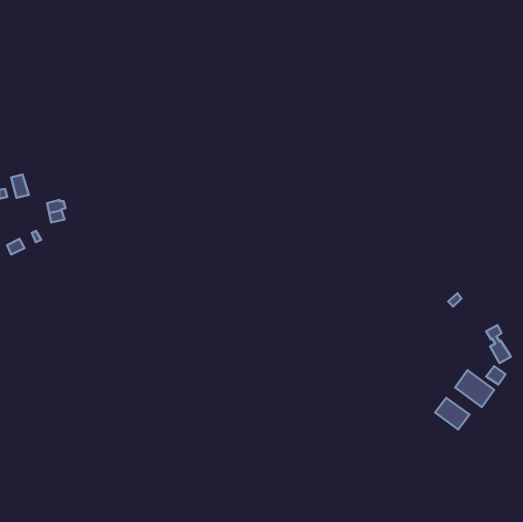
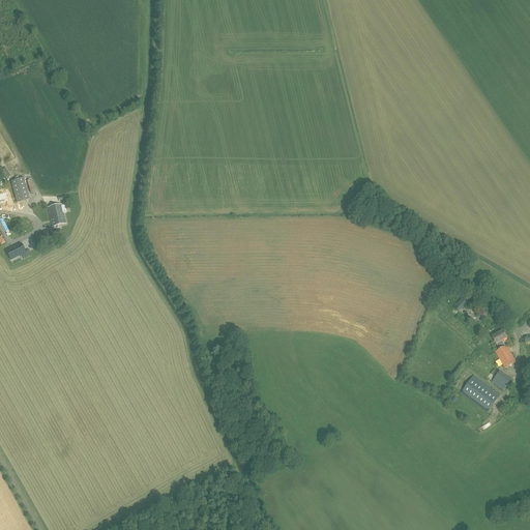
building: [435,398,469,429] -> none

